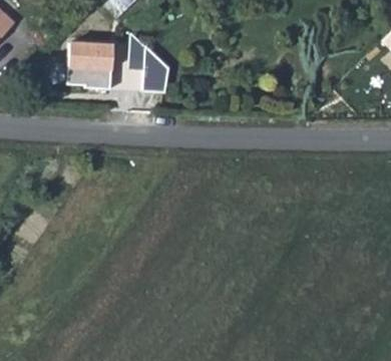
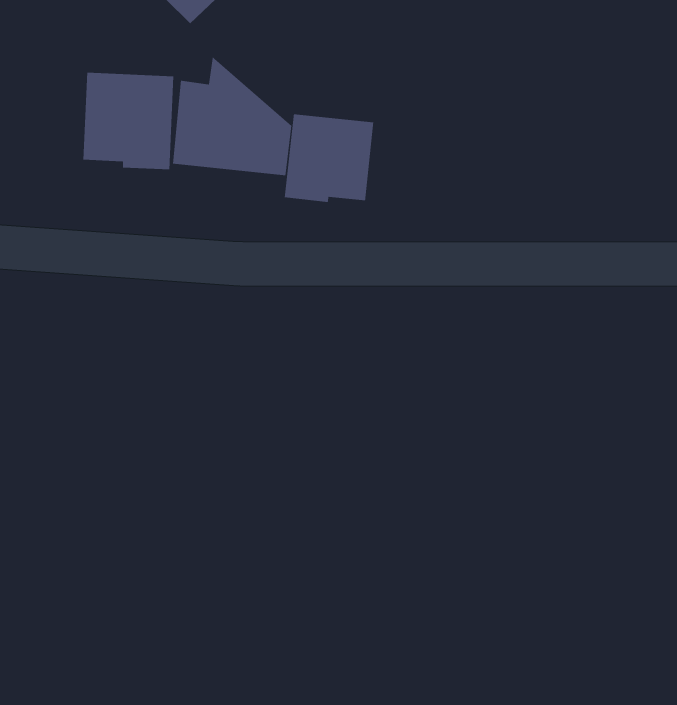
building: none -> [284,114,374,203]

